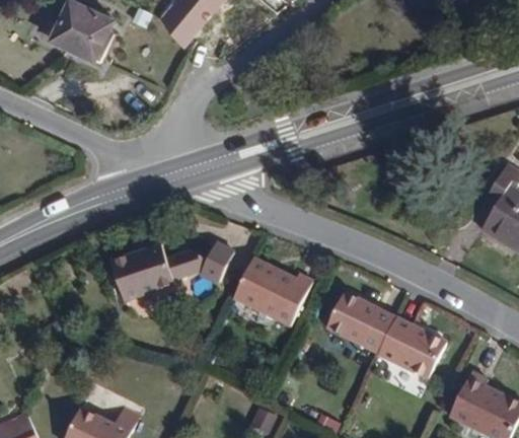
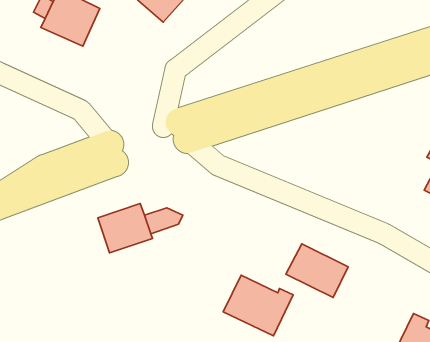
building: [202,240,236,283] -> none
building: [235,258,314,326] -> [223,275,293,336]
building: [379,317,446,376] -> none

